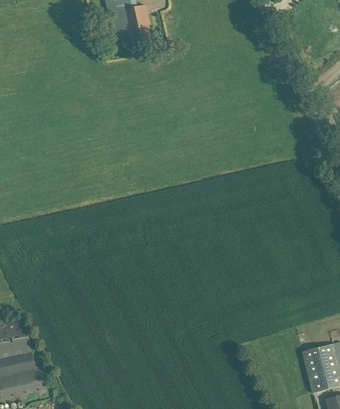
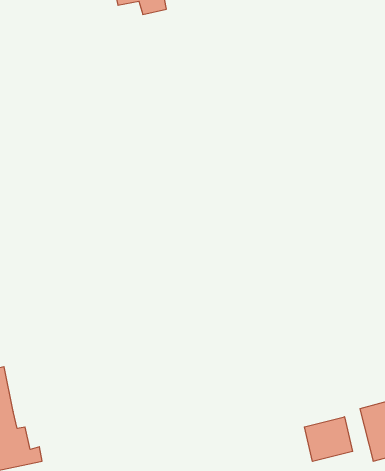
building: none -> [304,417,353,461]

